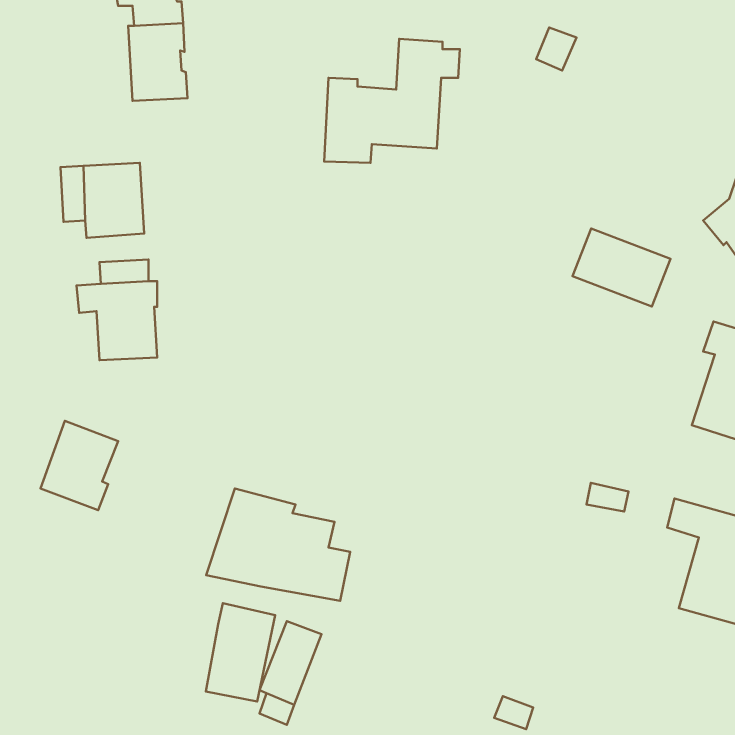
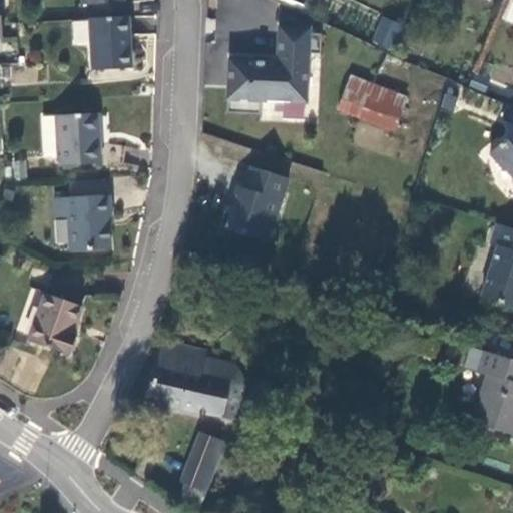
building: [572,229,670,306] -> [339,76,407,130]
building: none -> [216,166,288,239]
building: [206,603,275,702] -> none

